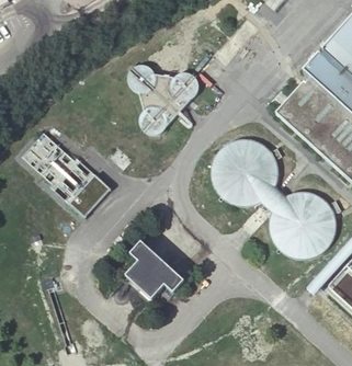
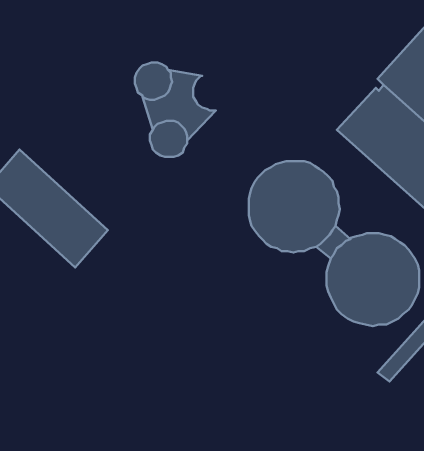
building: [171,71,198,99] -> none
building: [125,244,183,300] -> none

